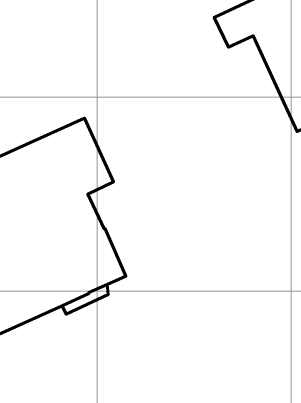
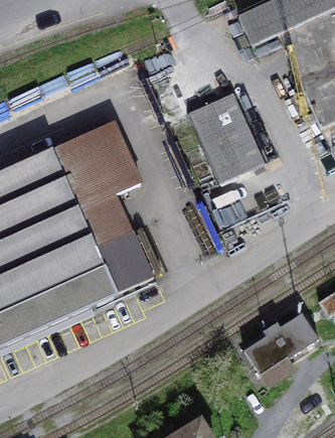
building: none -> [187,91,267,181]
building: none -> [243,312,318,381]

